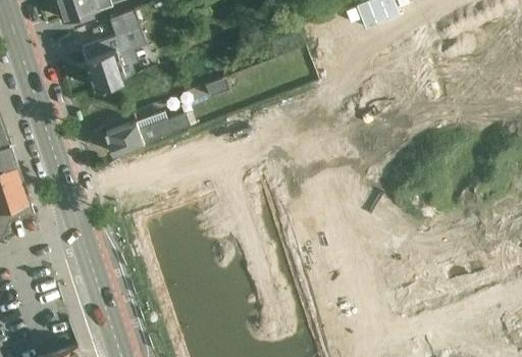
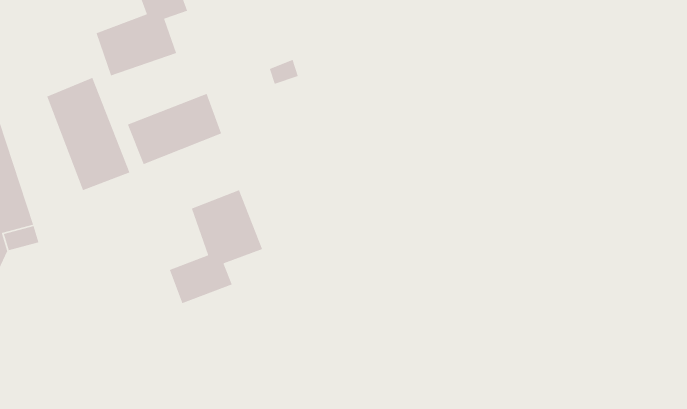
building: none -> [46,77,131,191]
building: none -> [169,189,263,304]

